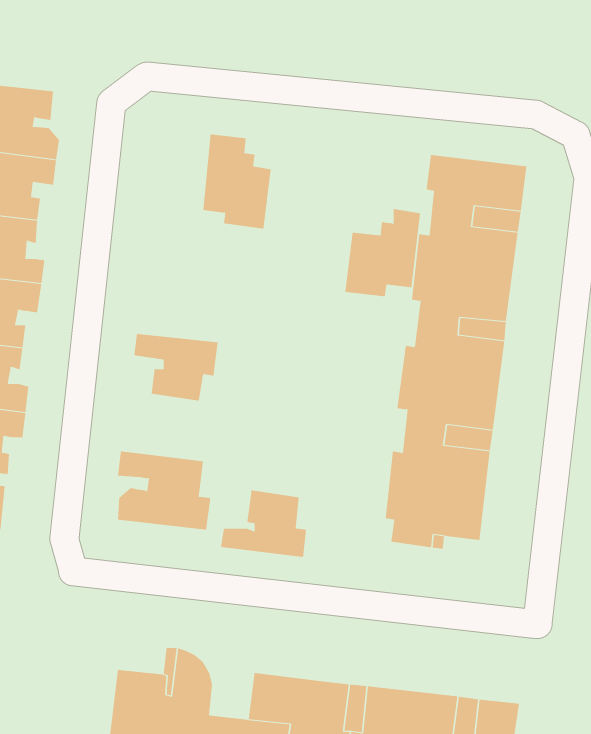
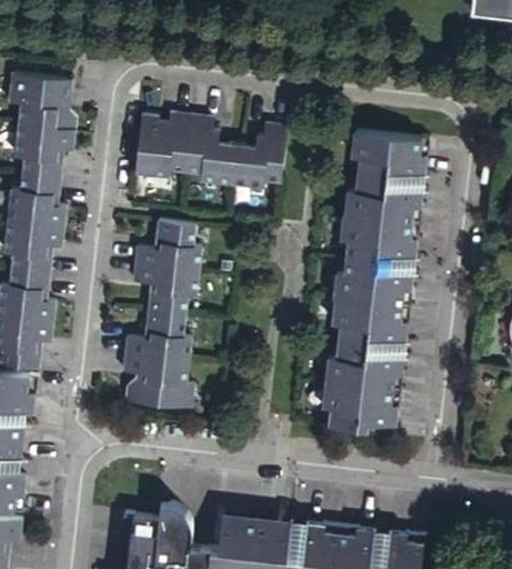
building: none -> [133,109,190,176]
building: [344,209,421,297] -> [231,120,289,187]
building: none -> [134,217,200,269]
building: [220,490,307,557] -> [122,308,188,359]

